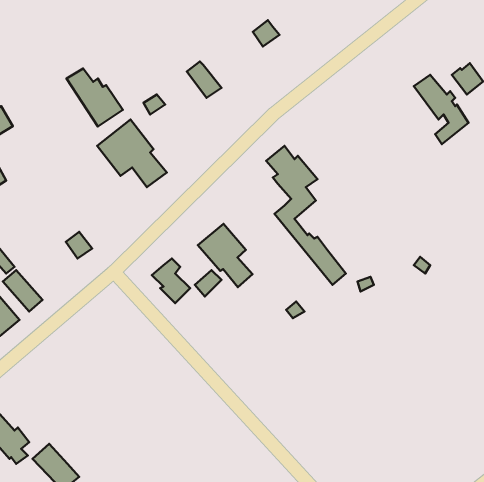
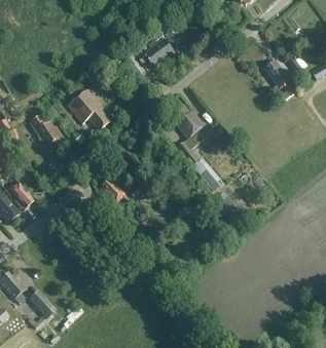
building: none -> [136,39,174,67]
building: [67,69,123,126] -> [30,115,65,151]
building: [198,224,252,287] -> none

